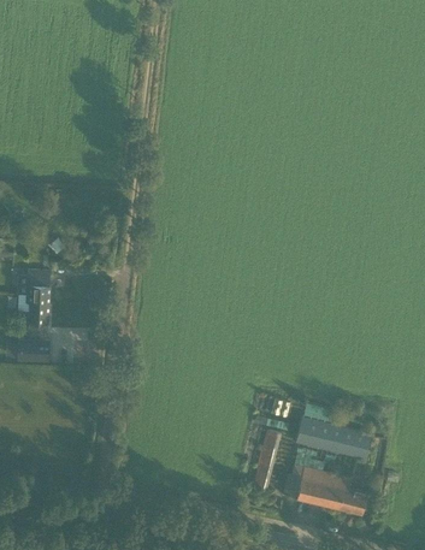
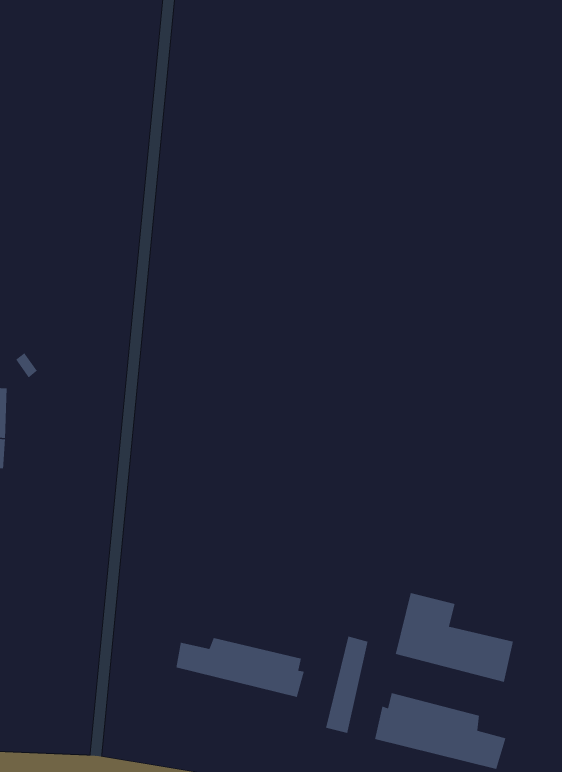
building: none -> [175,637,305,698]

